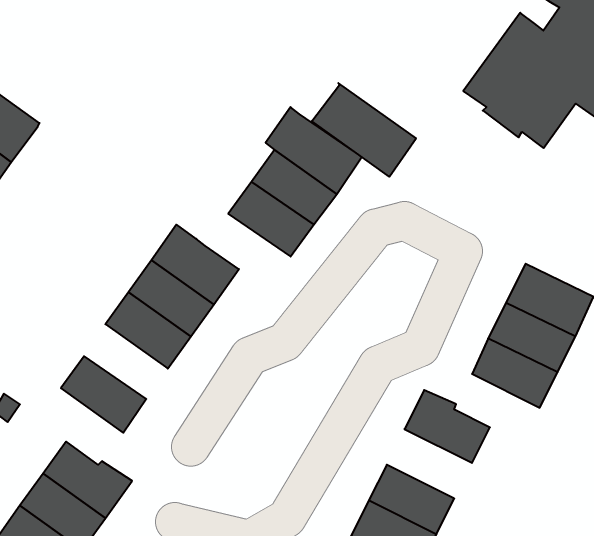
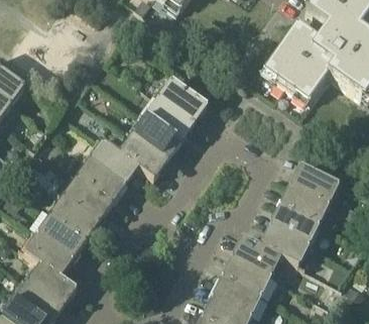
building: [312,83,416,177] -> none
building: none -> [120,132,168,176]
building: none -> [51,195,99,237]
building: none -> [261,223,310,262]
building: none -> [24,231,74,275]
building: none -> [223,254,271,294]

